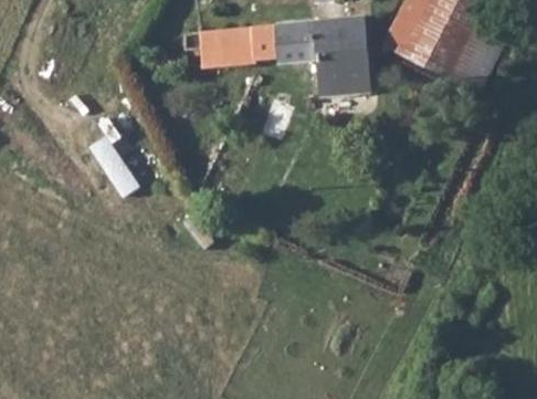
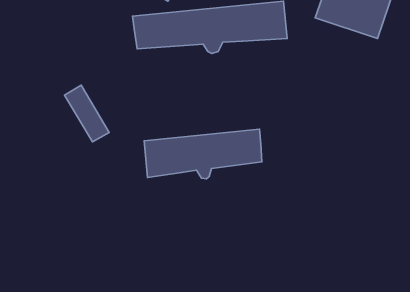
building: [303,62,358,98] -> none
building: none -> [144,129,262,179]

